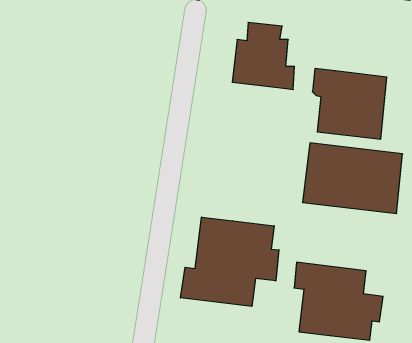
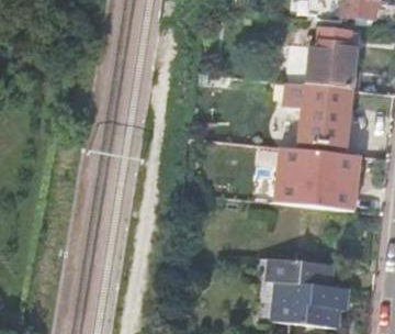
building: [232,23,294,90] -> [305,30,361,90]
building: [181,217,279,306] -> none

